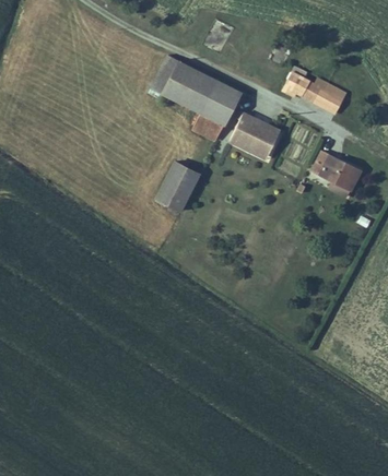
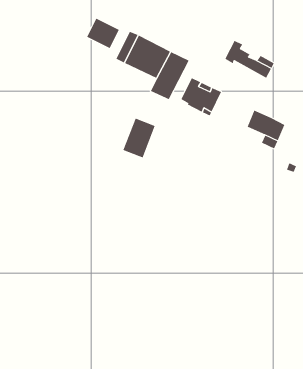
building: none -> [87,18,120,49]

